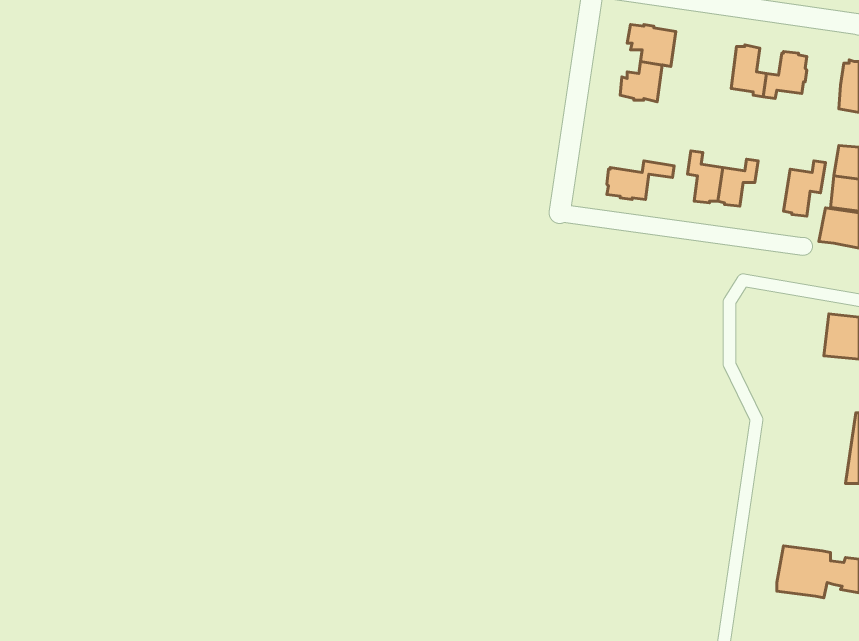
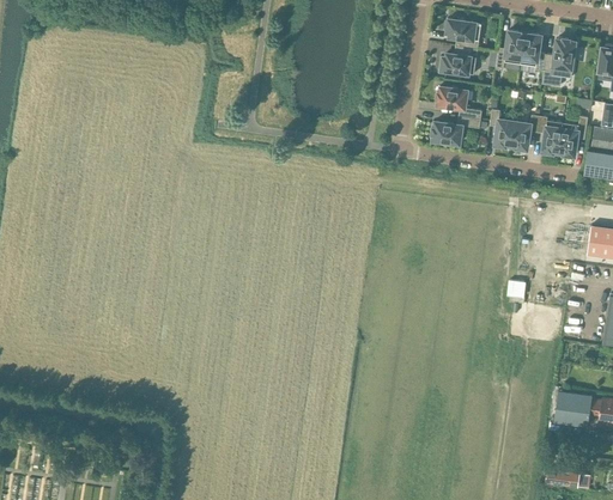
building: none -> [496,32,524,72]
building: none -> [436,87,481,121]
building: none -> [538,117,563,154]

